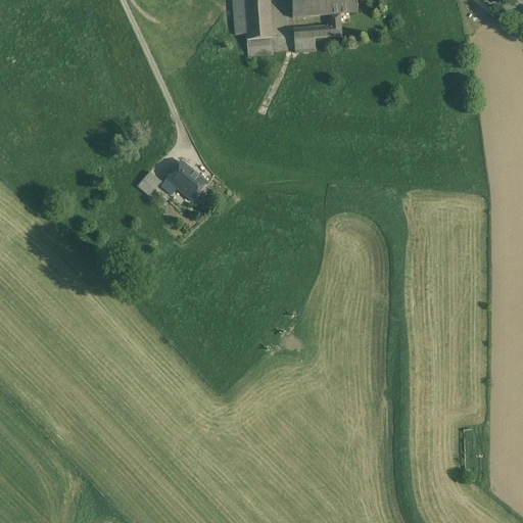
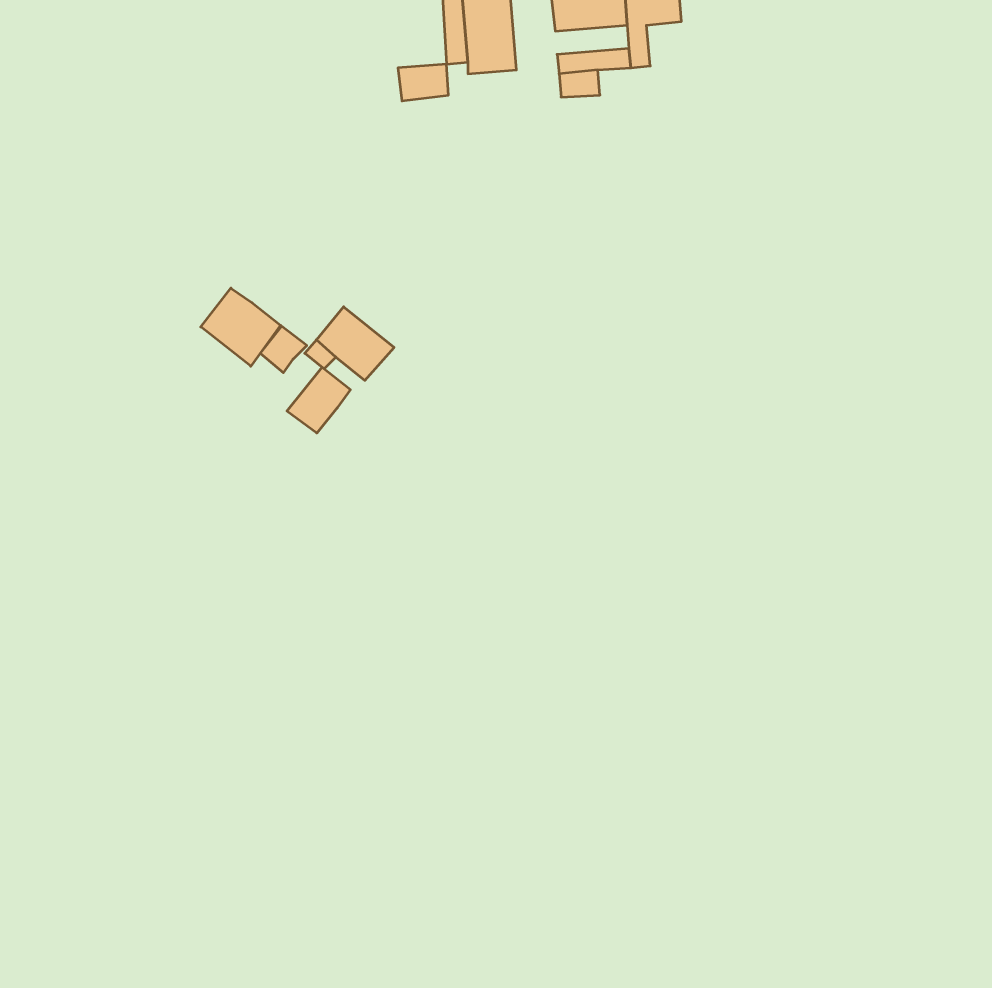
building: [246,37,273,56] -> [398,64,448,101]
building: none -> [201,288,281,366]
building: none -> [287,367,350,433]

